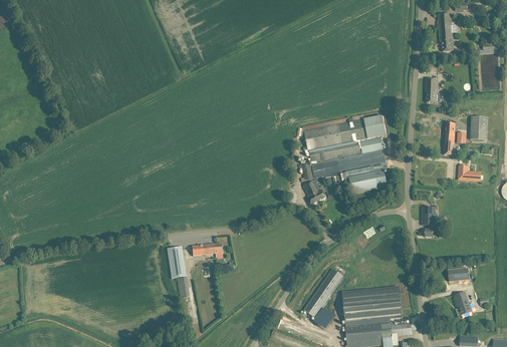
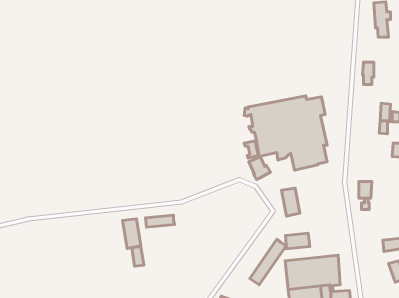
building: none -> [281,188,300,216]
building: none -> [285,233,310,249]

